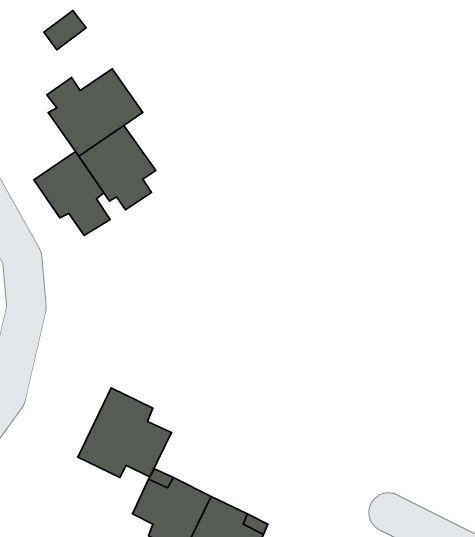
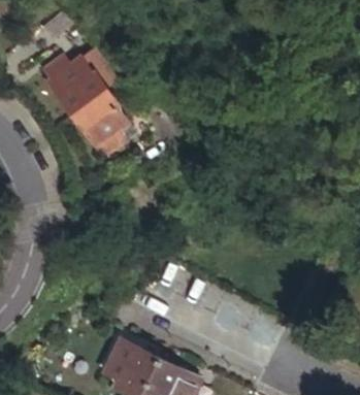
building: [34,152,110,236] -> none
building: [78,388,171,477] -> none

